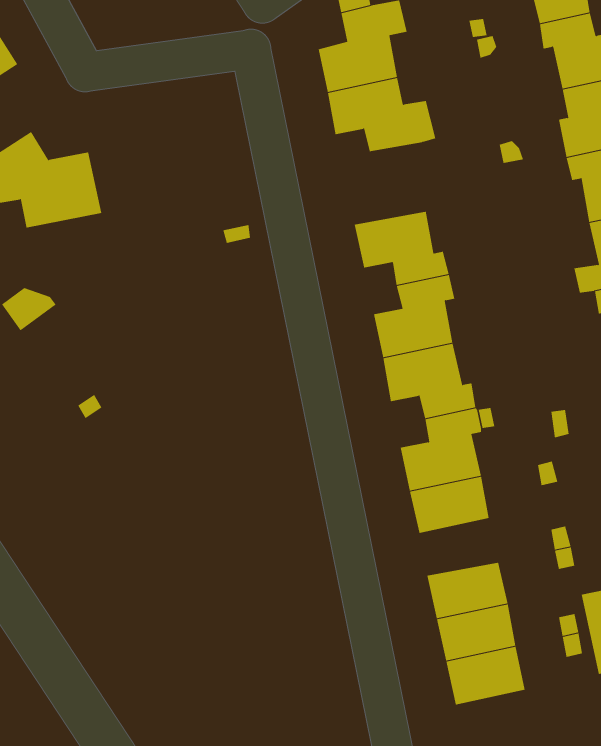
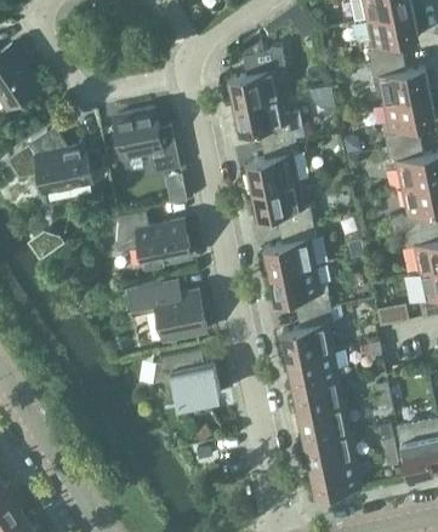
building: none -> [114,109,180,173]
building: none -> [245,139,297,191]
building: none -> [110,211,190,267]
building: none -> [127,282,206,341]
building: none -> [153,350,220,405]
building: none -> [292,378,343,414]

